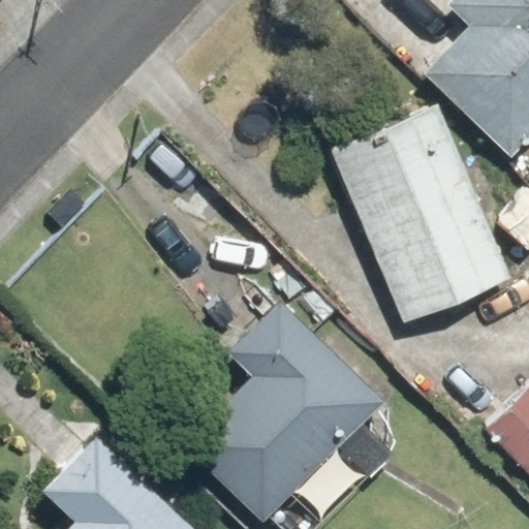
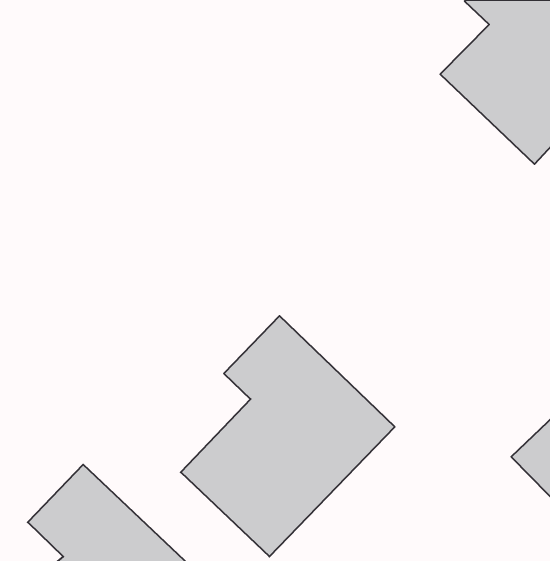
building: [333,104,511,322] -> none

